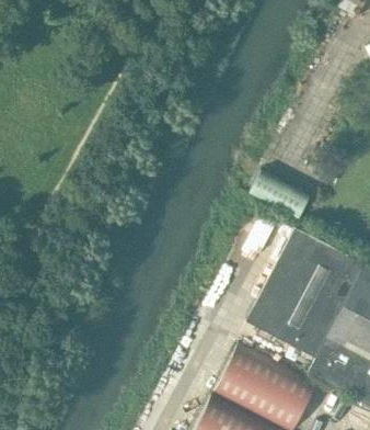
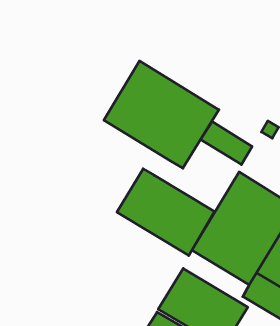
building: none -> [104,61,219,168]
building: none -> [117,169,214,256]

